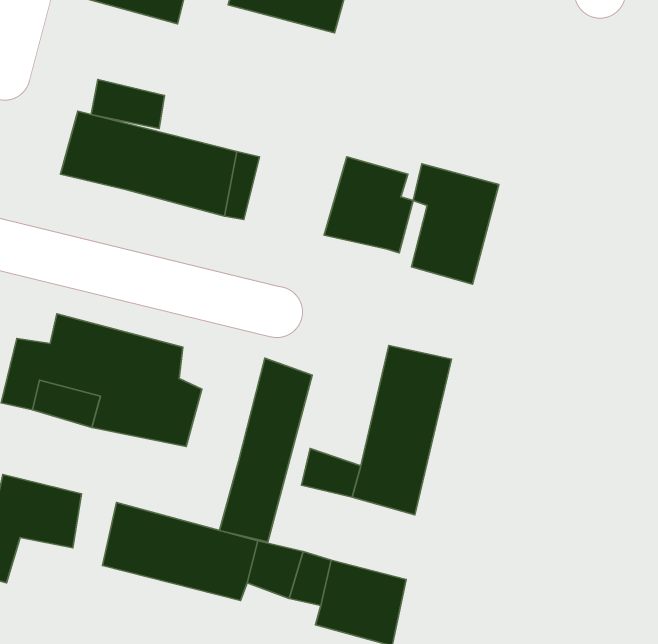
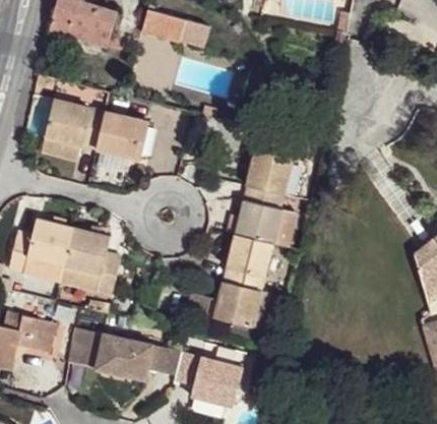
building: [91,80,164,129] -> [41,134,83,163]
building: [324,157,413,253] -> [236,188,288,244]
building: [219,358,312,542] -> none

